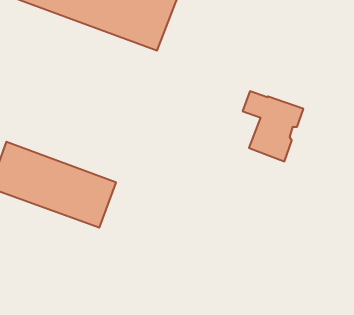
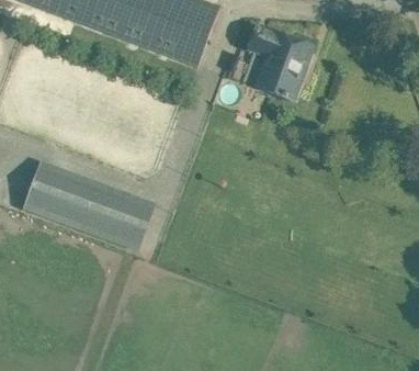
building: [243,91,303,161] -> [248,29,312,102]

